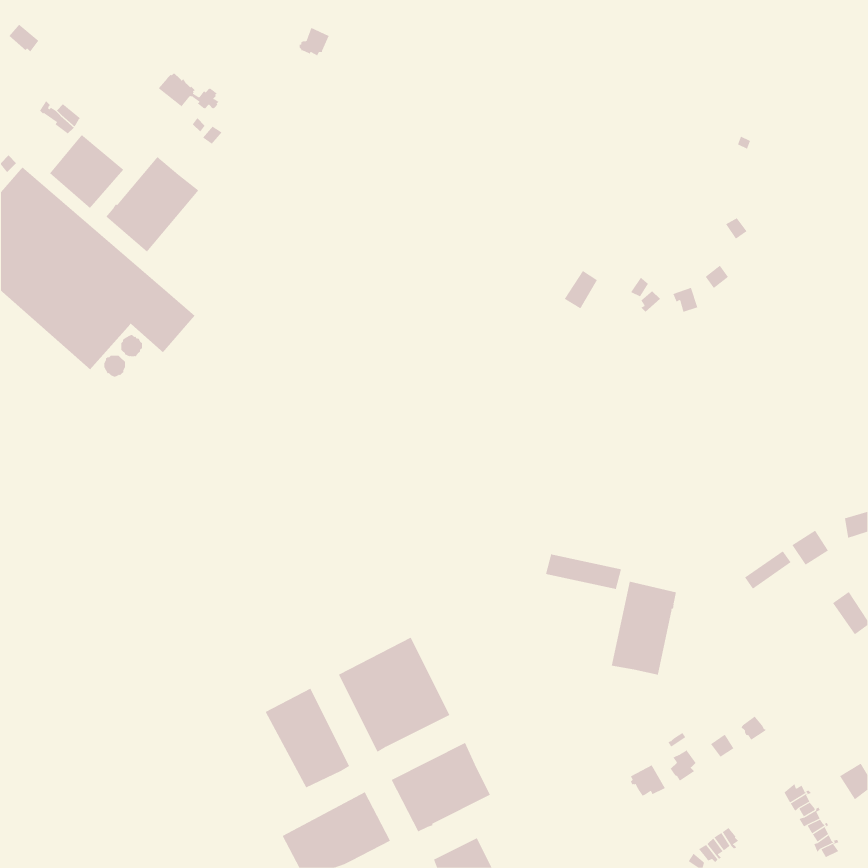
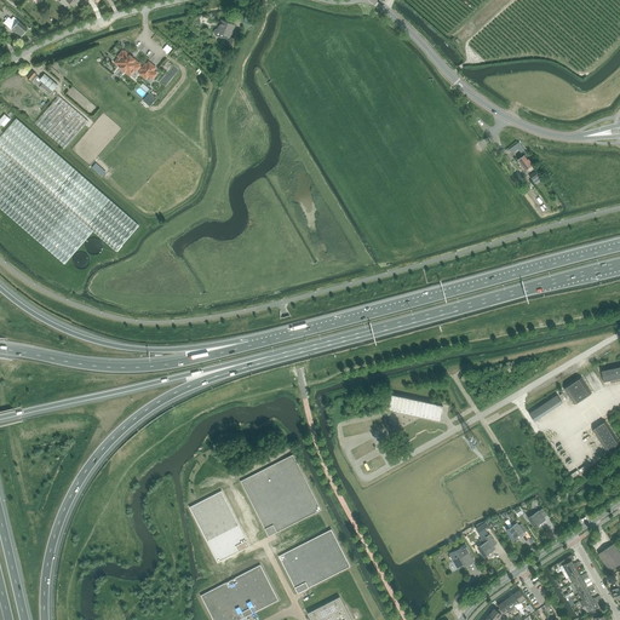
building: [106,156,199,252] -> none
building: [611,581,677,675] -> none

